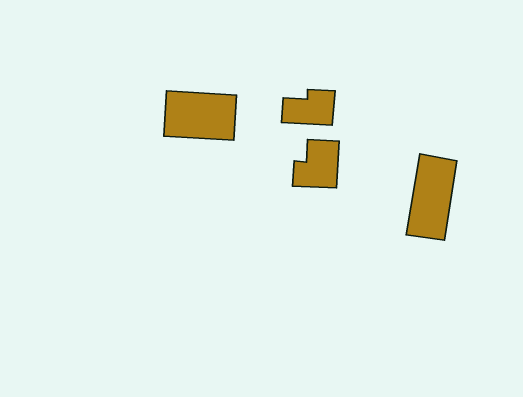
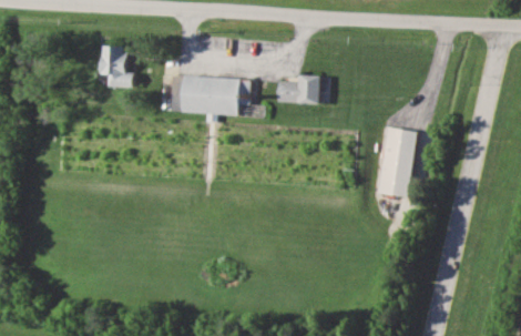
building: none -> [100,43,132,86]
building: [293,139,339,188] -> none

